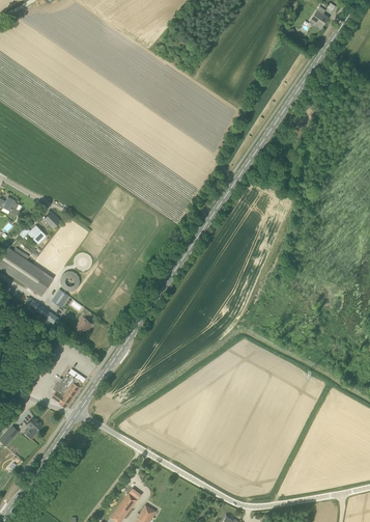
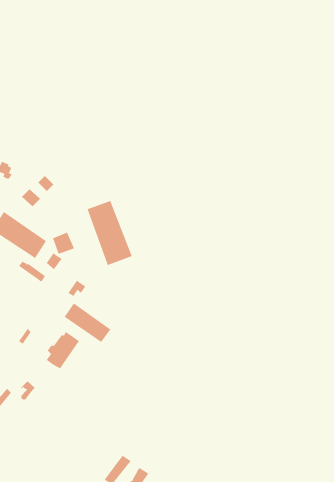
building: none -> [87,200,133,266]
building: none -> [64,303,111,343]

